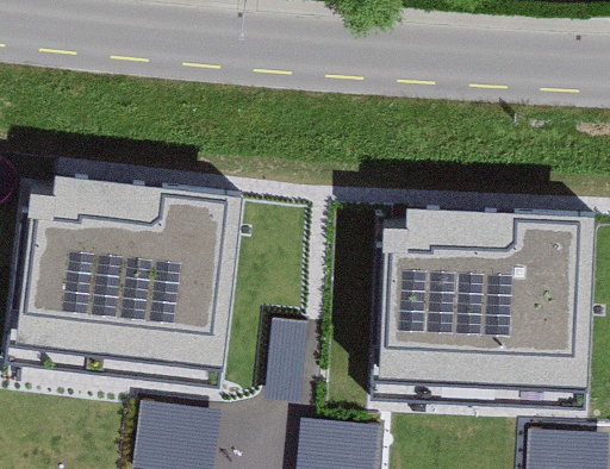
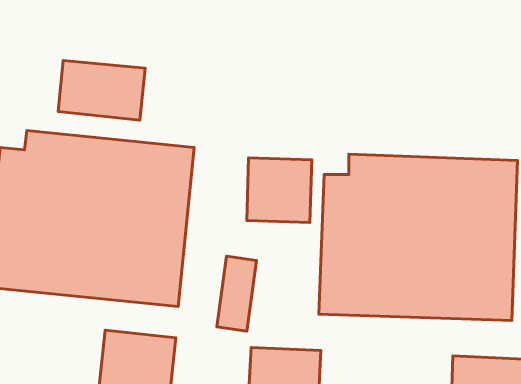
building: none -> [58,61,145,120]
building: none -> [247,158,312,223]

